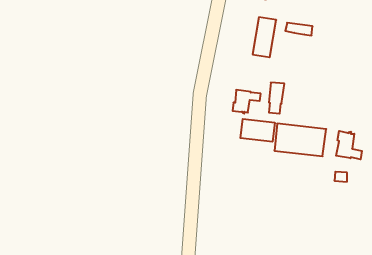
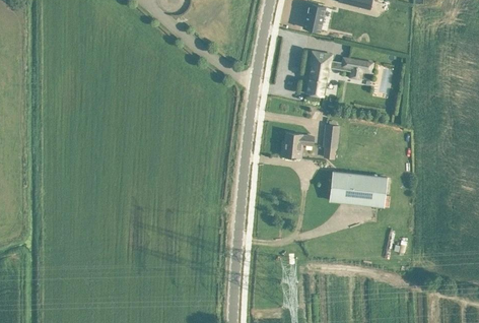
building: [240,119,275,142] -> none
building: [336,131,362,159] -> none

